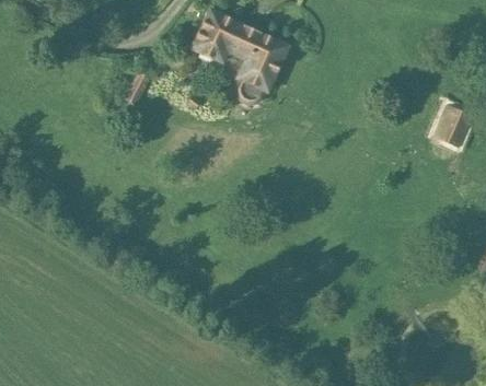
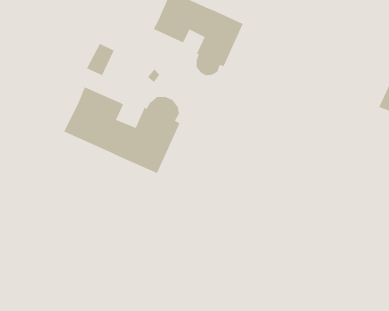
building: none -> [64,86,180,174]

